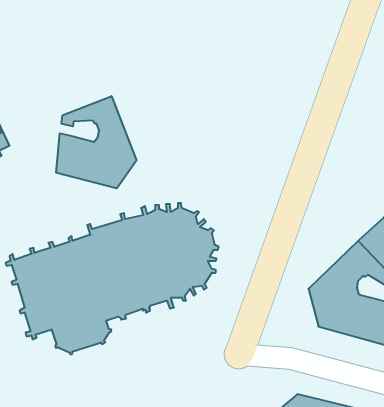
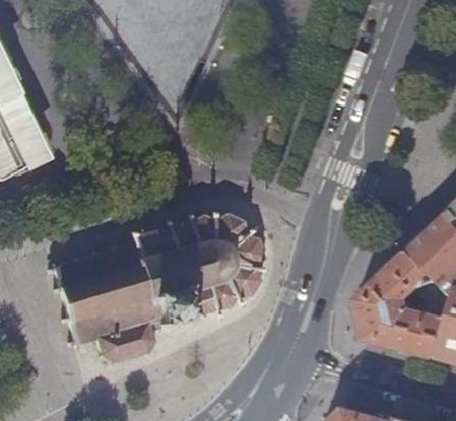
building: [56,96,136,188] -> none

